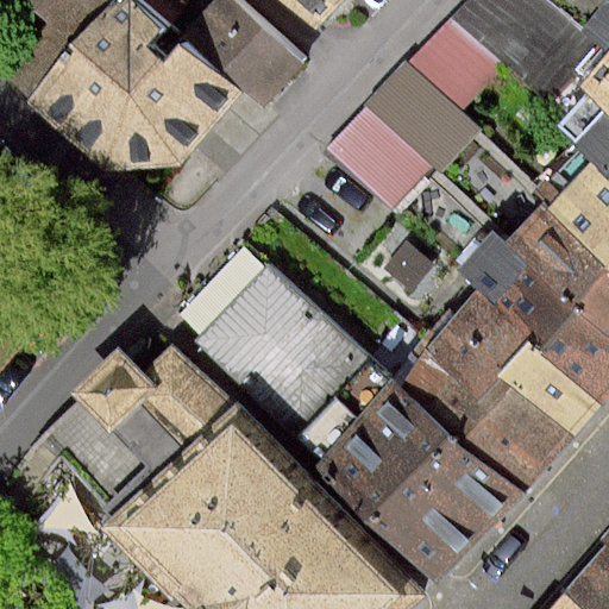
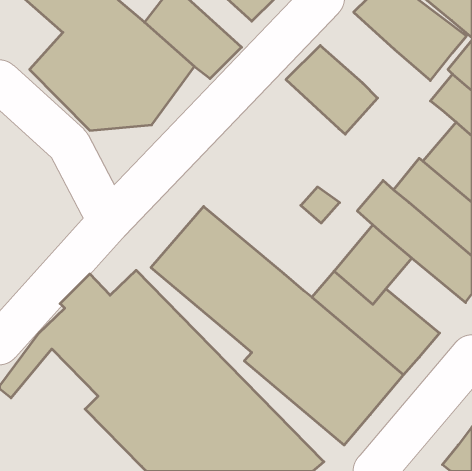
building: [412,15,507,107] -> none
building: [328,102,435,211] -> none
building: [496,332,598,428] -> none

